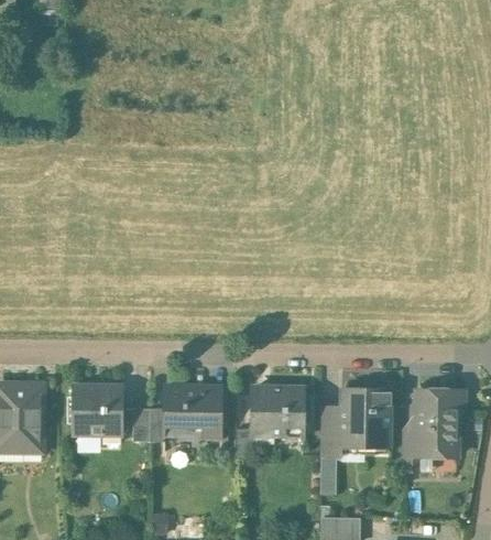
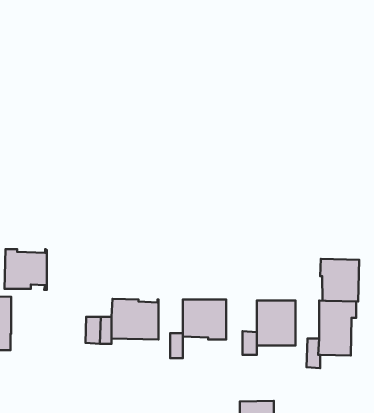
building: none -> [320,259,359,302]
building: [70,386,122,435] -> [4,249,47,290]
building: [324,455,341,489] -> none

